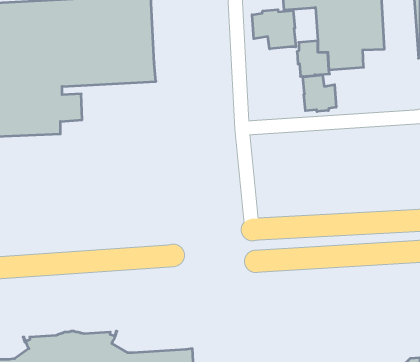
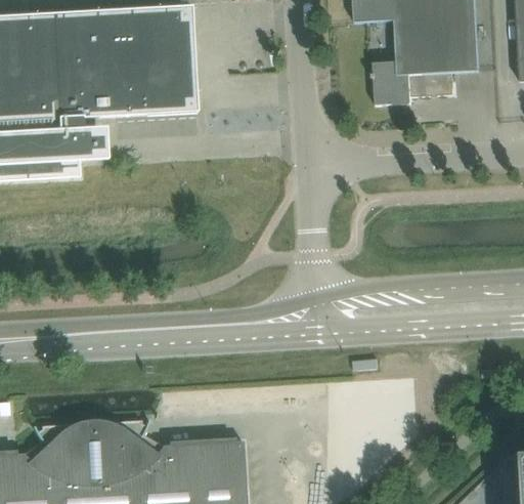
building: [252,10,296,49] -> none
building: [303,75,336,112] -> none

